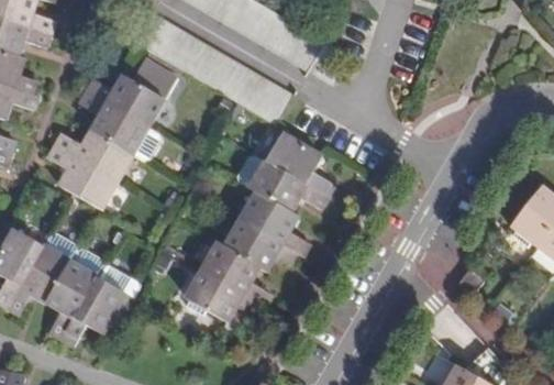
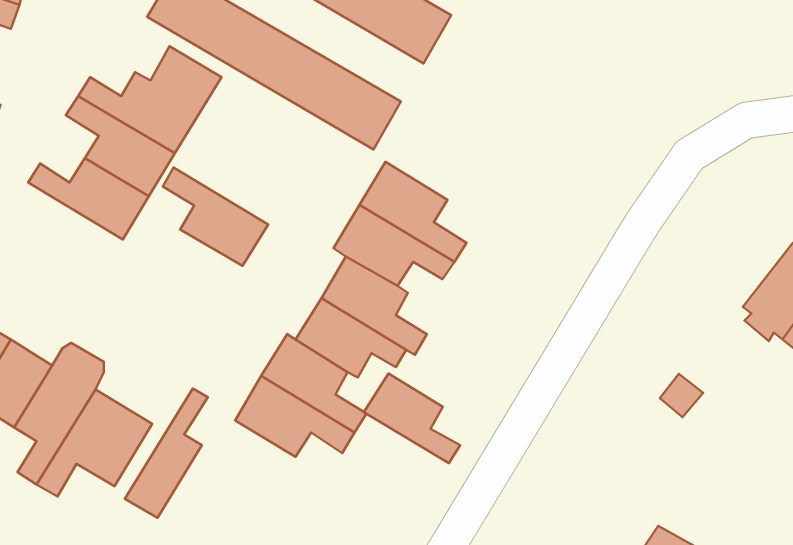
building: [48,145,115,208] -> [163,167,268,266]
building: none -> [364,374,460,463]
building: none -> [125,389,208,518]

